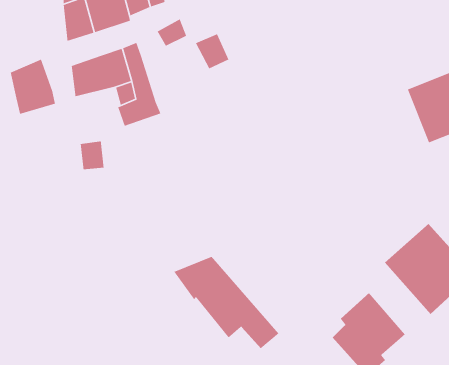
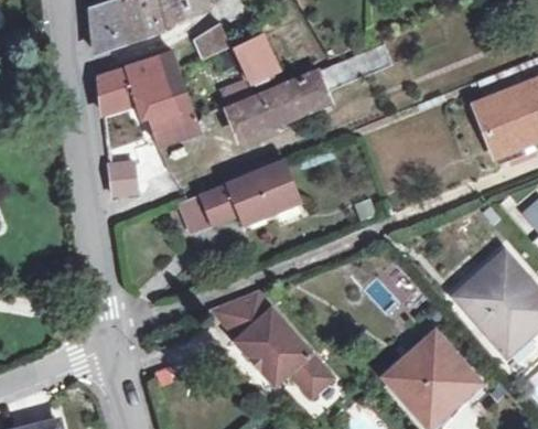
building: none -> [226,44,392,139]
building: [10,59,56,115] -> none
building: none -> [182,162,298,230]

